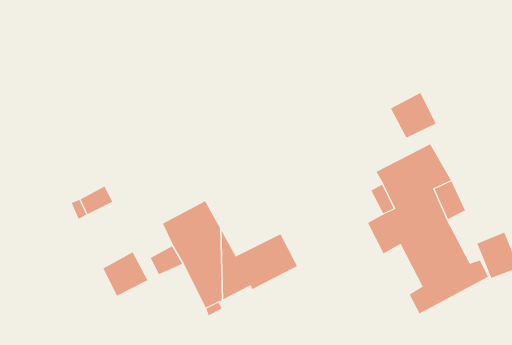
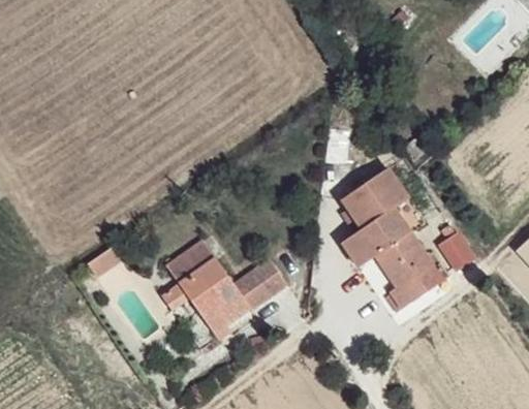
building: [390,92,436,138] -> none
building: [103,252,148,296] -> none

